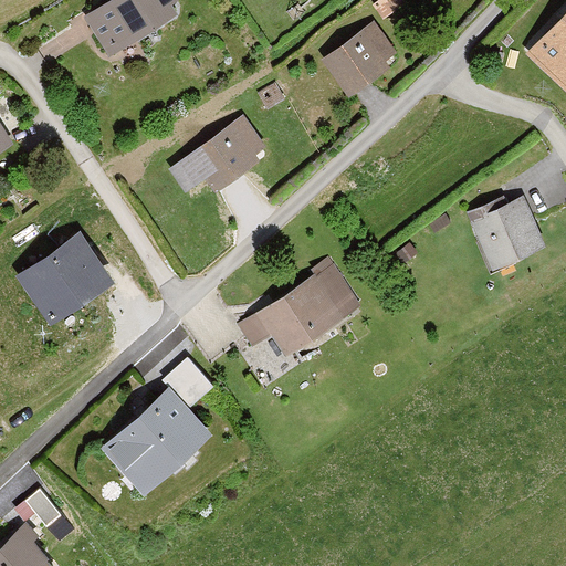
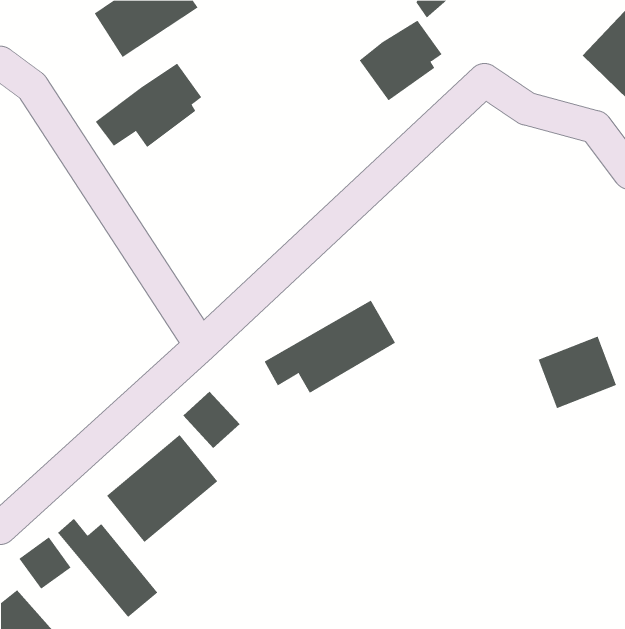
building: [174,113,270,189] -> [95,63,202,148]
building: [469,198,539,263] -> [538,336,617,409]
building: [15,237,109,323] -> none
building: none -> [57,518,158,618]

